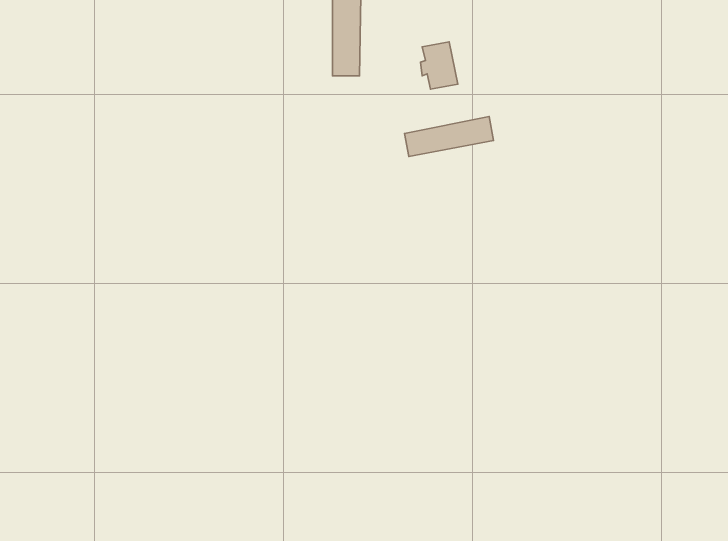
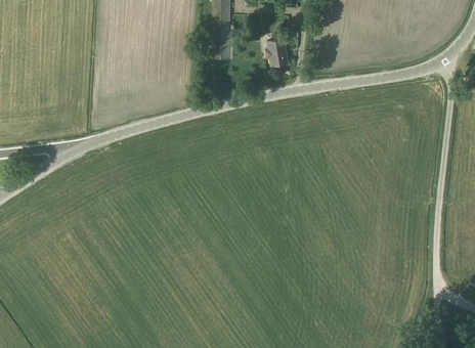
building: [405,116,494,156] -> none

